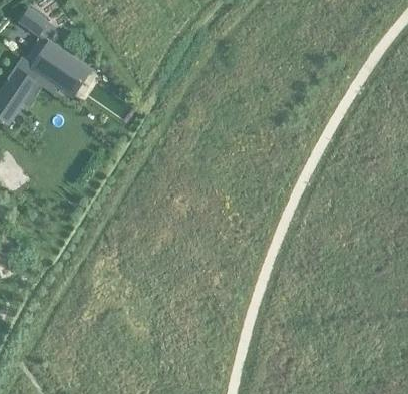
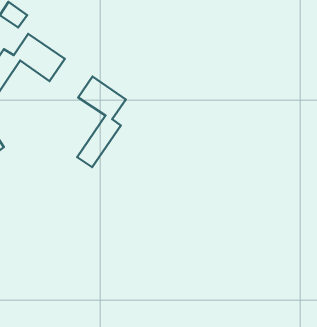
building: none -> [77,77,126,167]

